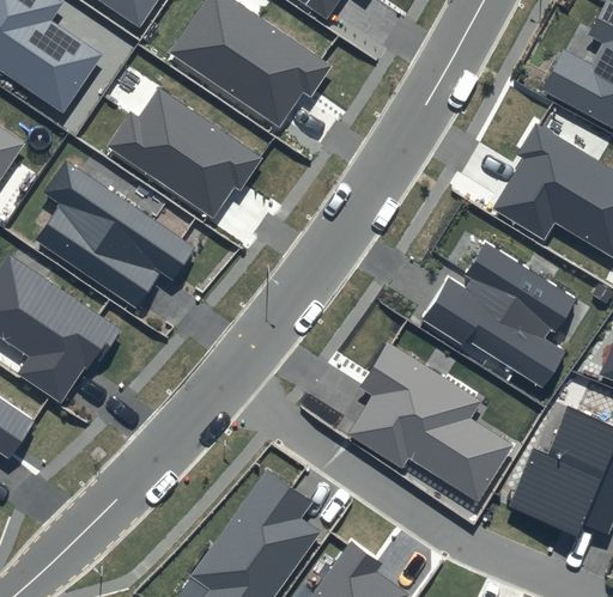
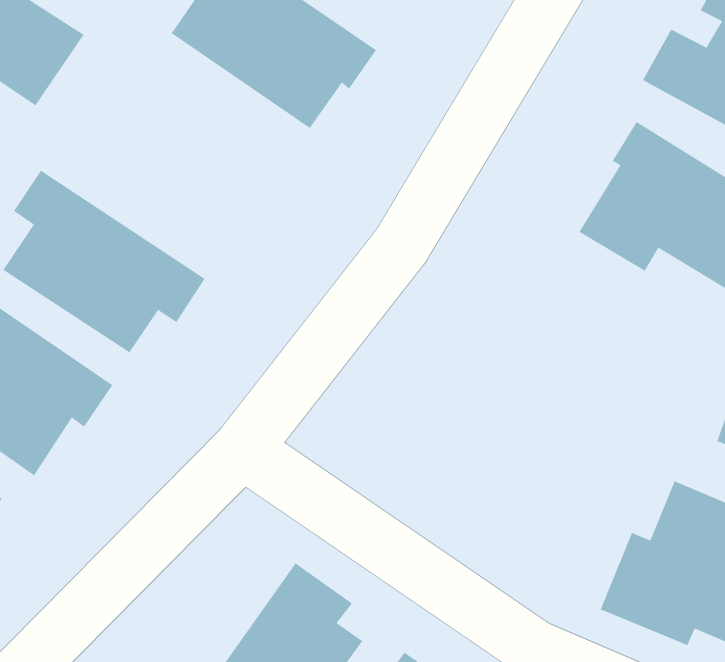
building: [108,87,263,217] -> none
building: [420,240,577,386] -> none
building: [348,343,515,502] -> none

